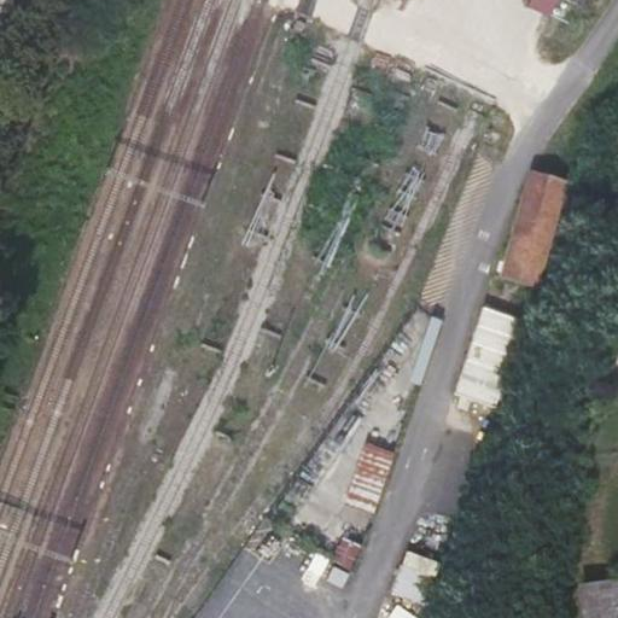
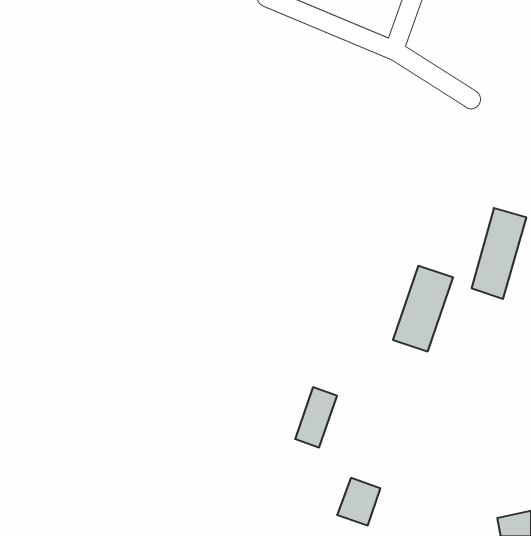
building: [506,177,569,281] -> [472,208,526,299]

